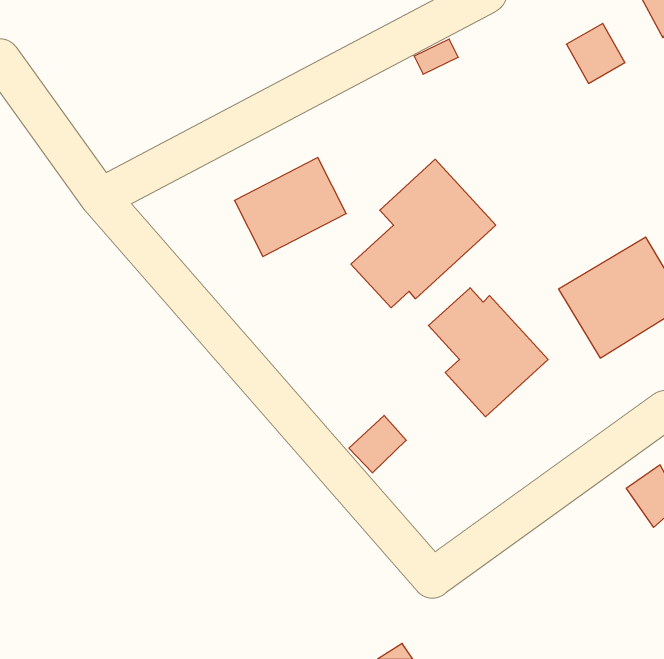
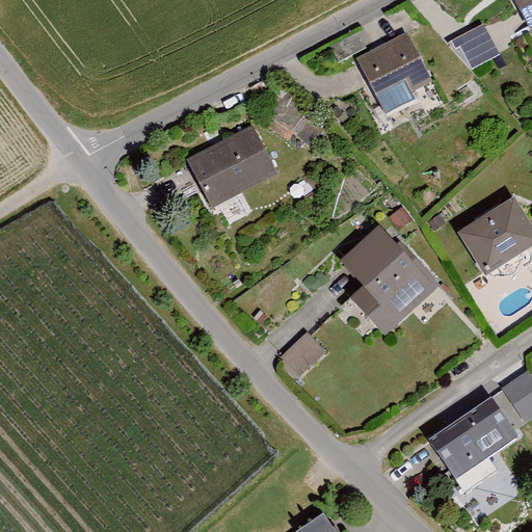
building: none -> [354,29,437,112]
building: [351,159,496,308] -> none
building: none -> [425,398,516,498]

